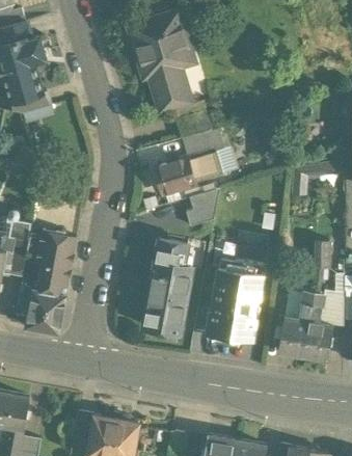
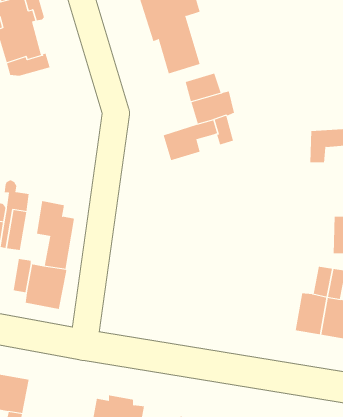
building: [185,188,219,227] -> none
building: [141,241,191,333] -> none
building: [207,261,267,340] -> none

